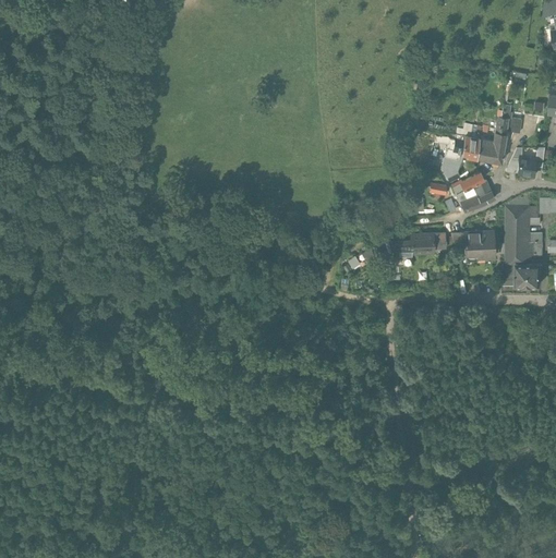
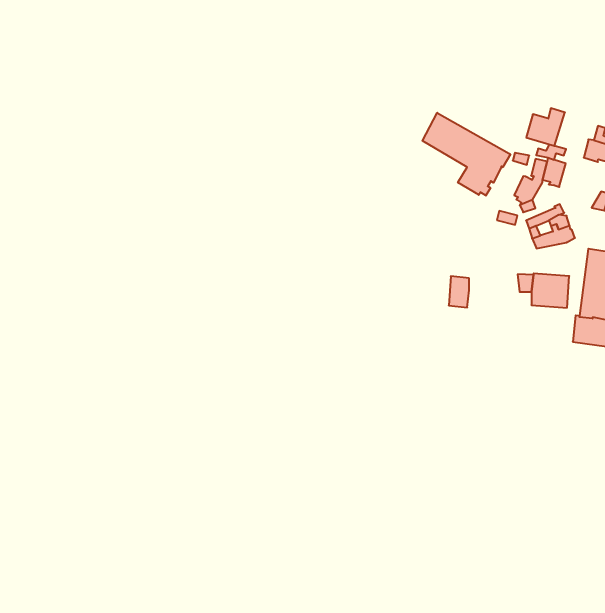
building: none -> [422,113,510,196]
building: [479,132,508,162] -> [526,108,565,146]
building: [413,232,447,251] -> none

